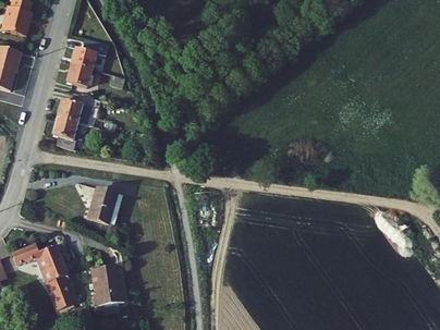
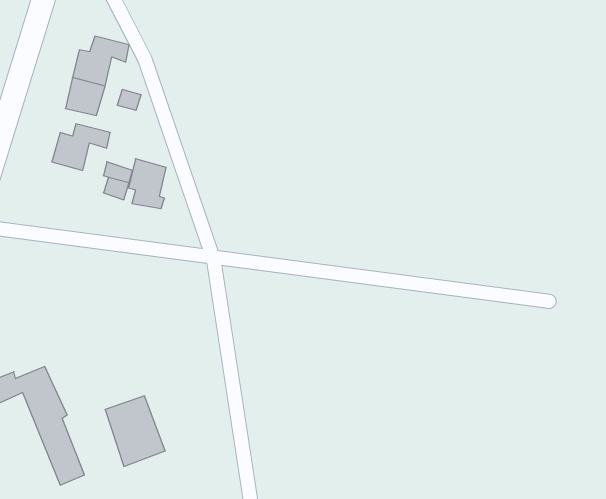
building: [61,114,85,146] -> [128,159,166,209]
building: [95,184,123,220] -> none

